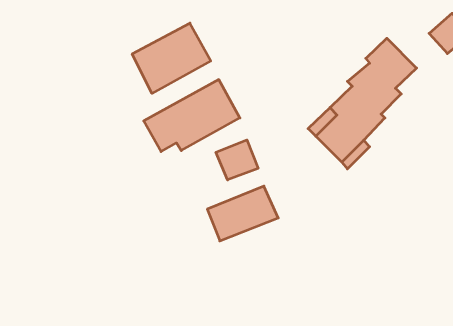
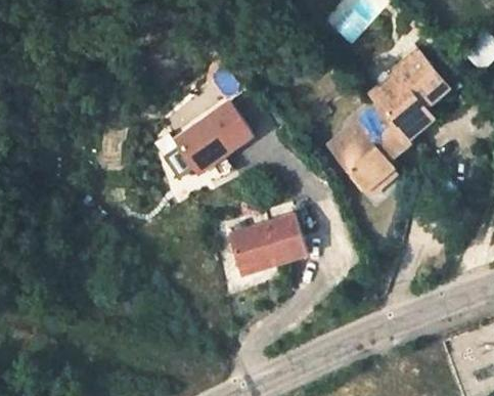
building: [132,23,211,93] -> none
building: [216,140,258,180] -> none

